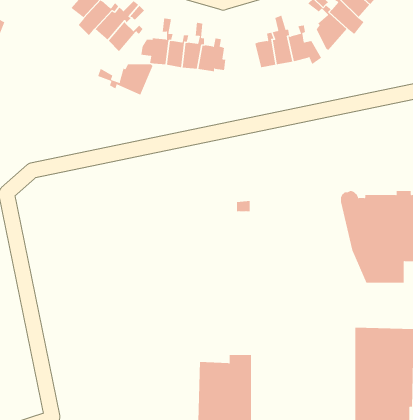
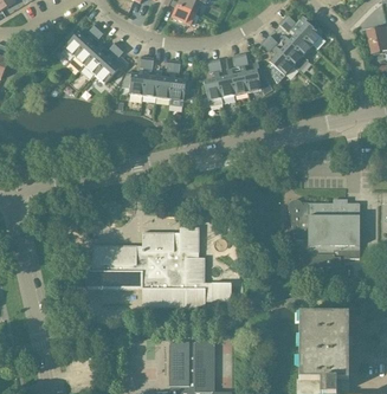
building: none -> [202,58,222,106]
building: [97,63,153,95] -> none
building: none -> [86,225,232,305]

